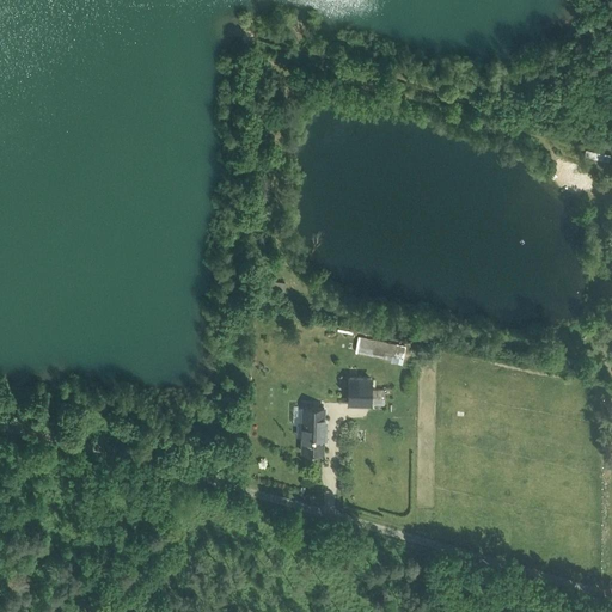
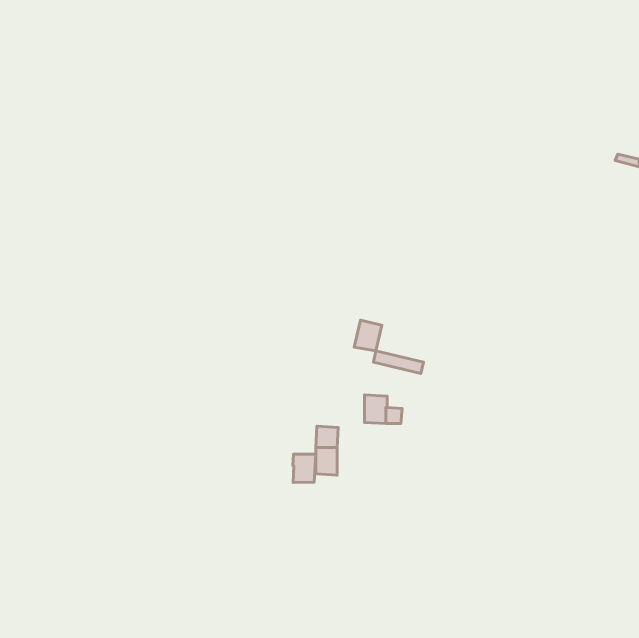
building: none -> [354,320,382,351]
building: none -> [293,454,316,482]

